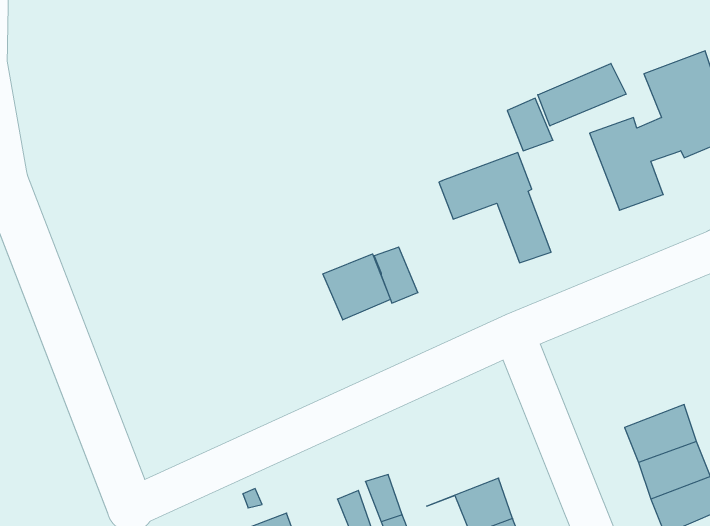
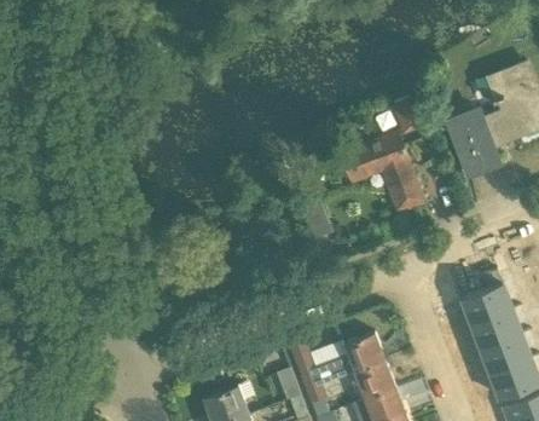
building: [538,63,626,126] -> none
building: [323,254,390,320] -> none
building: none -> [462,284,512,325]
building: none -> [329,333,384,380]

